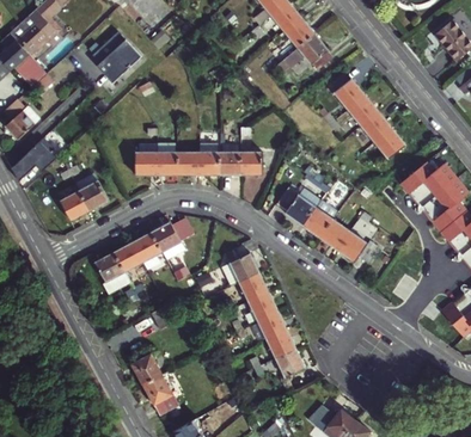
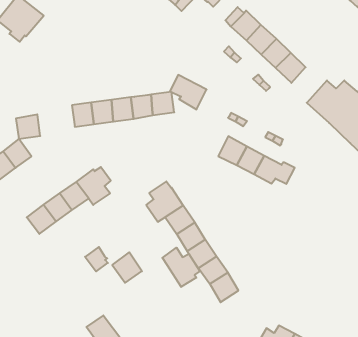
building: [134,153,157,176] -> [16,114,40,139]
building: [276,187,314,226] -> [170,75,207,109]
building: none -> [162,248,200,287]
building: [130,353,160,384] -> [112,252,142,283]

